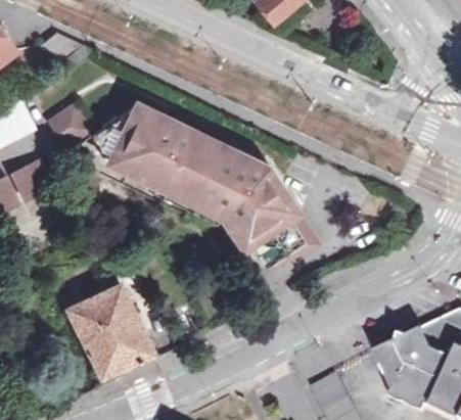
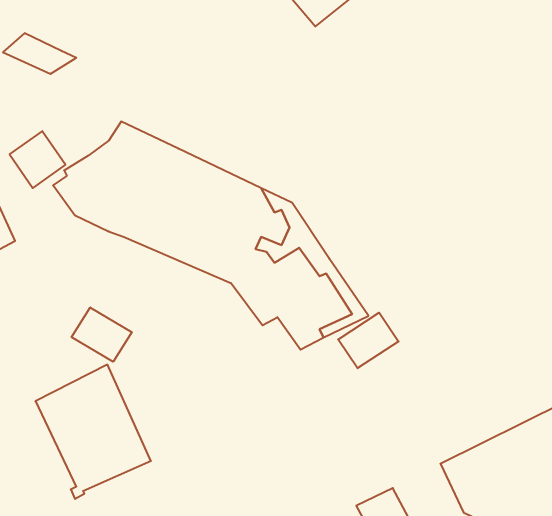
building: none -> [72,307,132,362]
building: none -> [338,313,399,368]

